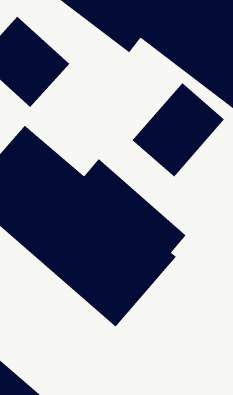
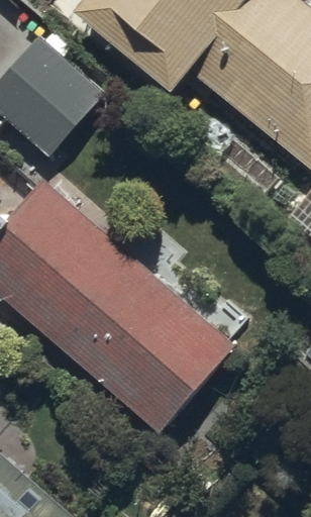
building: [132,82,225,177] -> none

